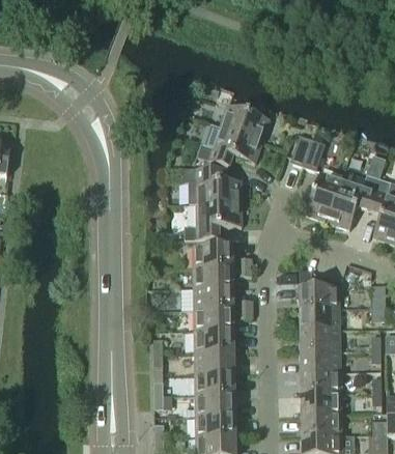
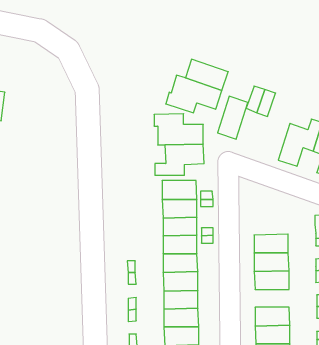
building: [306,171,341,221] -> [218,96,248,139]
building: [300,285,339,308] -> none
building: [301,371,340,392] -> none

